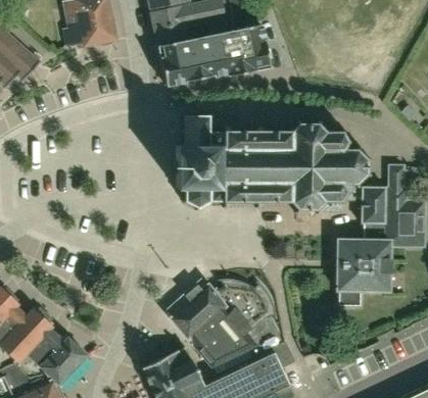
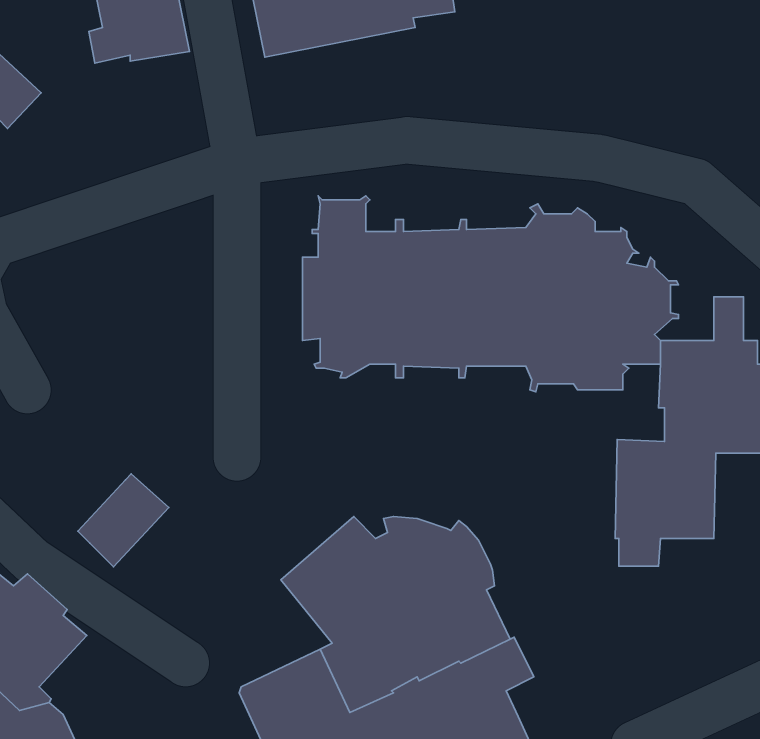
building: [158,24,269,85] -> none
building: [39,338,86,386] -> [78,474,169,567]

